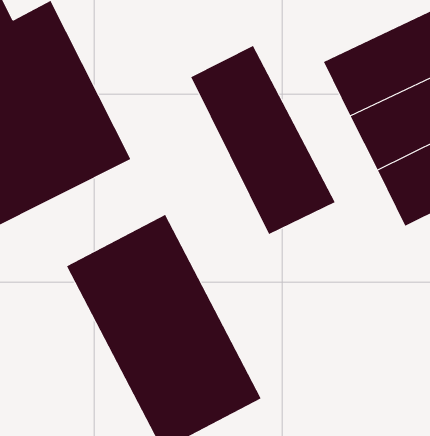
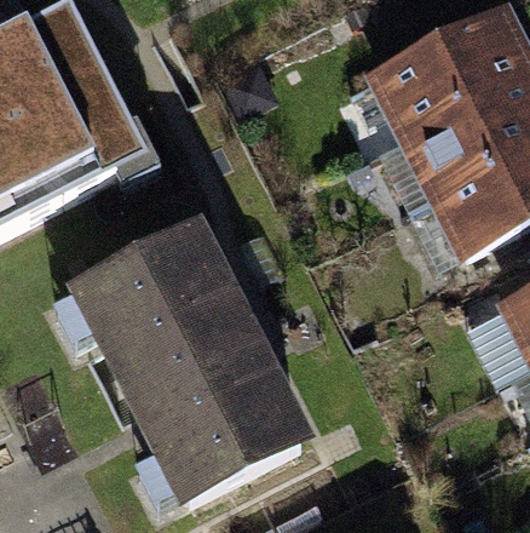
building: [191,45,335,235] -> none

